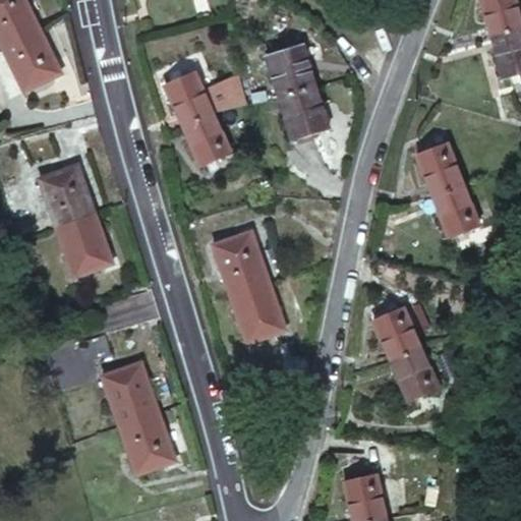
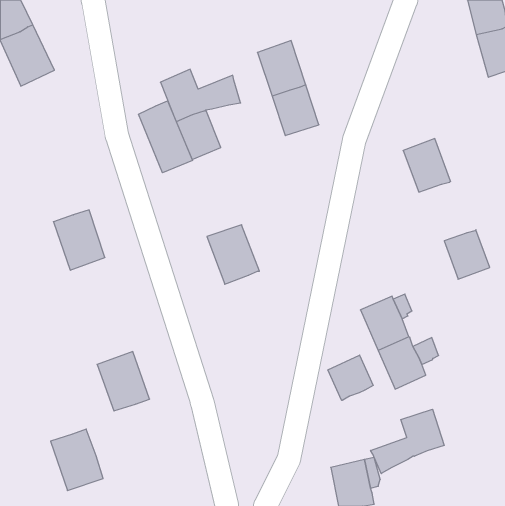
building: none -> [138,101,192,173]
building: [40,169,93,228] -> none
building: [431,186,478,237] -> [444,230,490,279]
building: [232,279,285,341] -> none
building: none -> [328,355,373,400]
building: [118,410,172,473] -> [51,429,103,491]
building: none -> [371,409,444,474]

